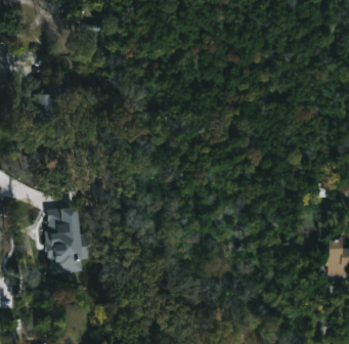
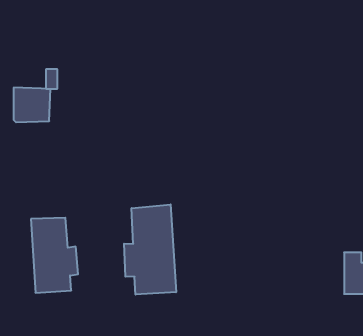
building: none -> [124,204,176,295]

